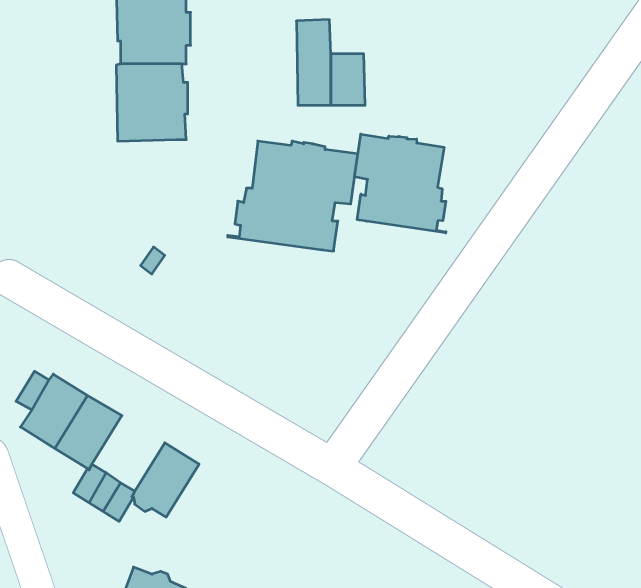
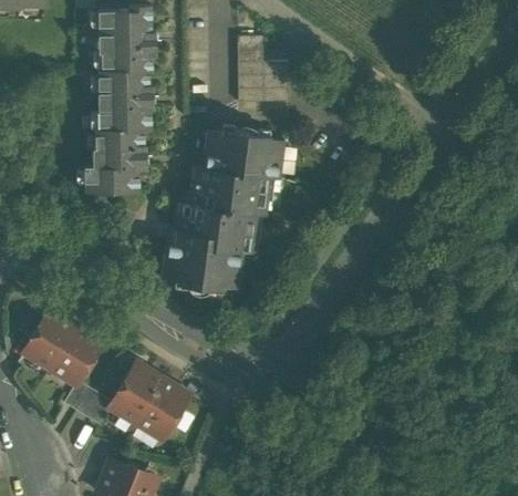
building: [355,134,446,233] -> none
building: none -> [84,128,146,192]
building: none -> [160,204,257,288]
building: none -> [136,380,188,438]

